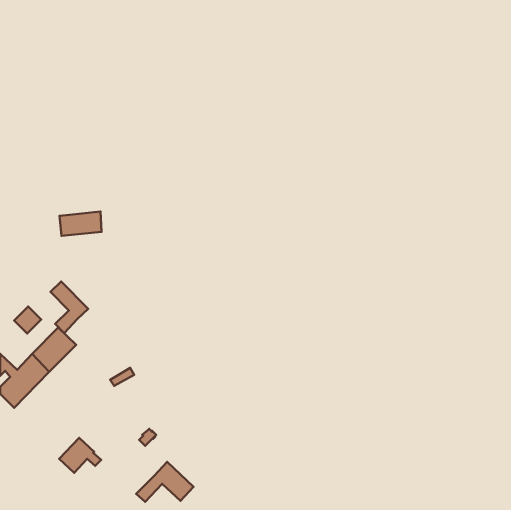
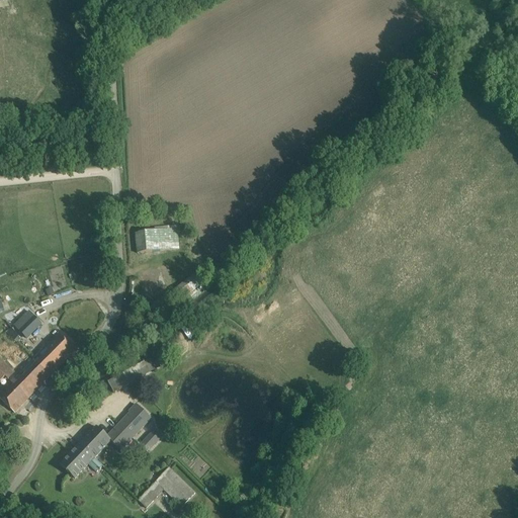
building: [59,212,102,236] -> [137,228,179,252]
building: [50,282,88,333] -> none
building: none -> [81,404,153,456]

